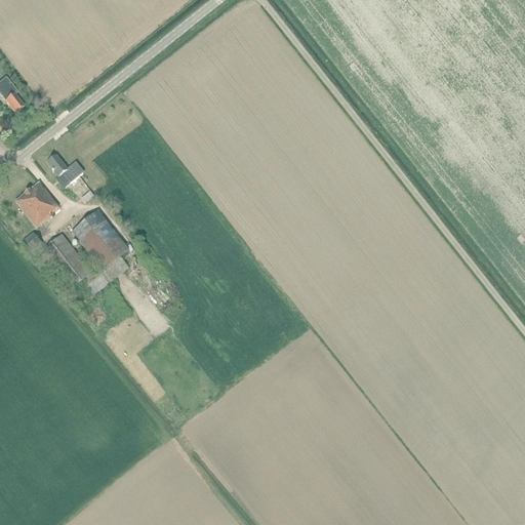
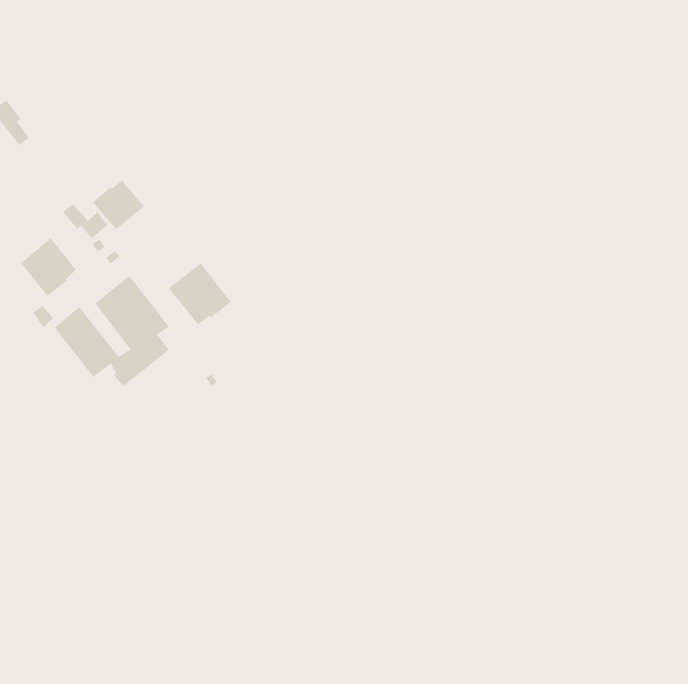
building: none -> [92,180,145,230]
building: none -> [168,263,232,325]

